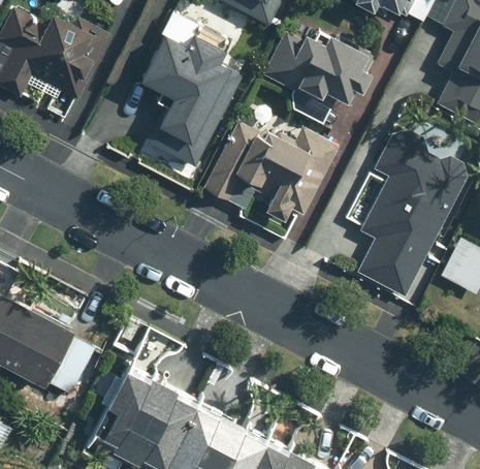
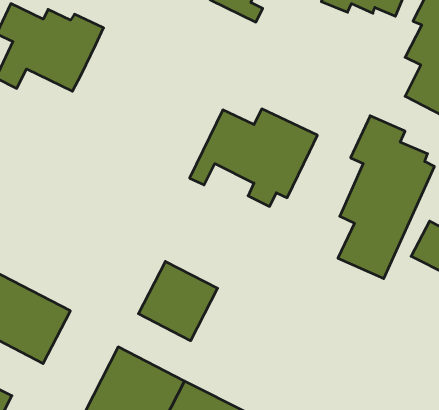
building: [263,30,376,124] -> none
building: [139,34,230,170] -> none
building: none -> [138,261,218,341]

